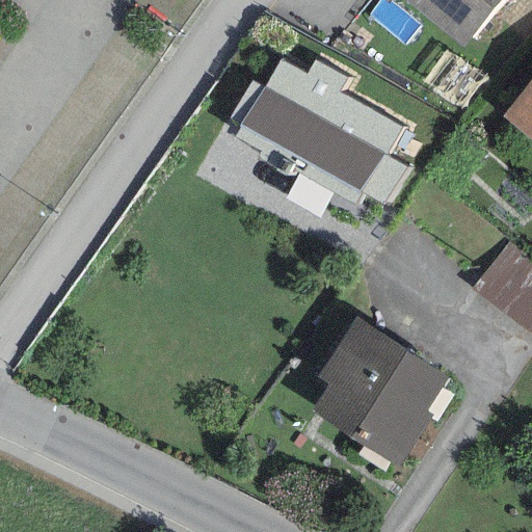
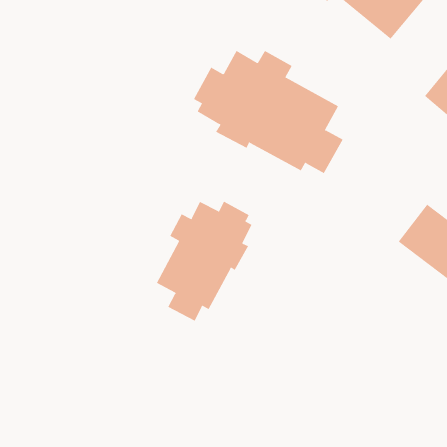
building: none -> [156,201,252,321]
building: [312,315,449,467] -> none

